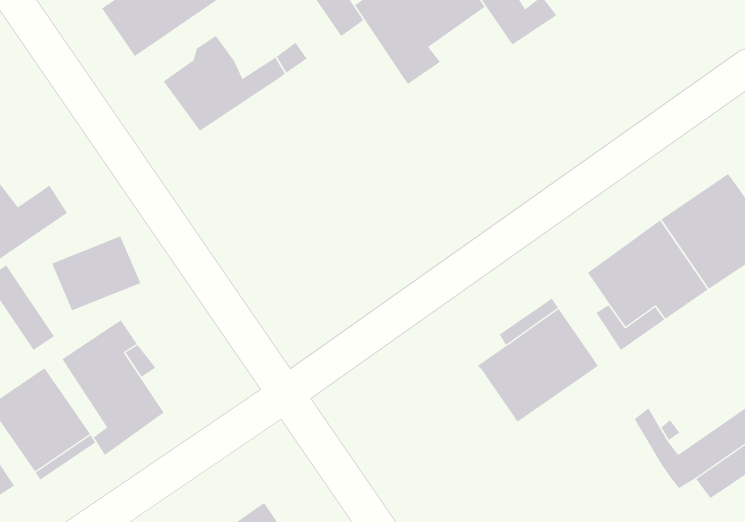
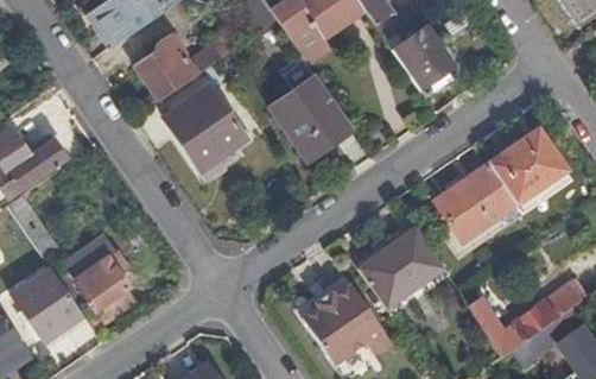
building: none -> [392,26,456,89]
building: none -> [270,58,355,162]
building: none -> [163,83,247,169]
building: [51,235,141,311] -> none
building: none -> [296,274,391,364]

